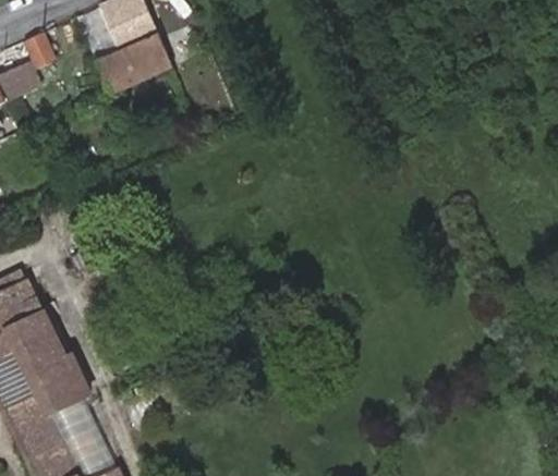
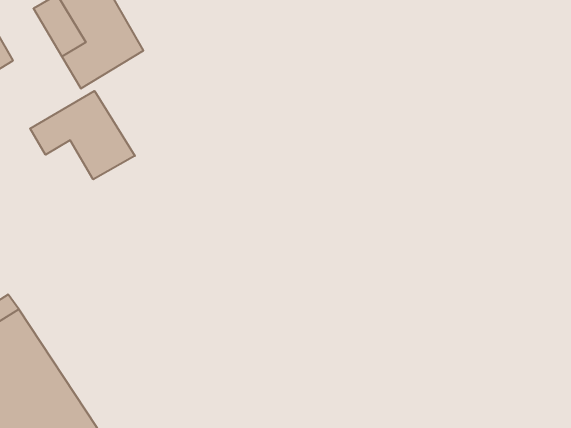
building: none -> [30,91,135,179]

